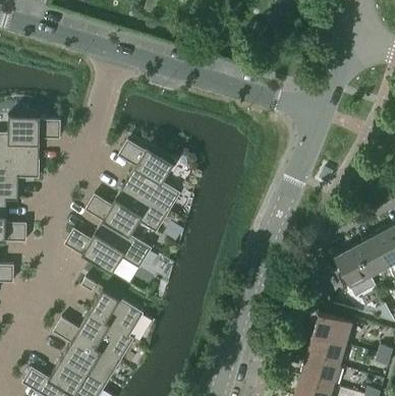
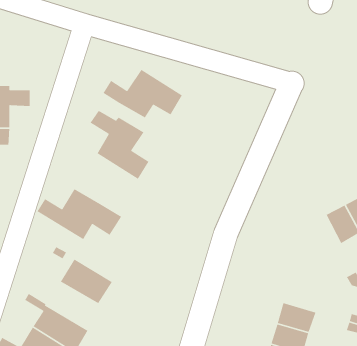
building: [87,185,167,235] -> [103,69,183,119]
building: [334,246,375,296] -> none
building: [312,312,351,344] -> none
building: [57,314,132,362] -> none

